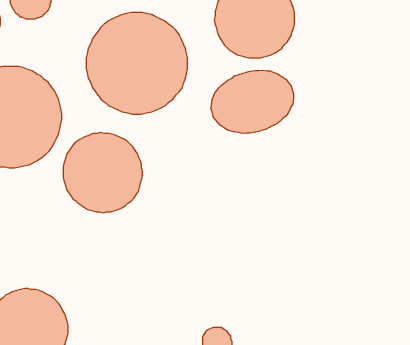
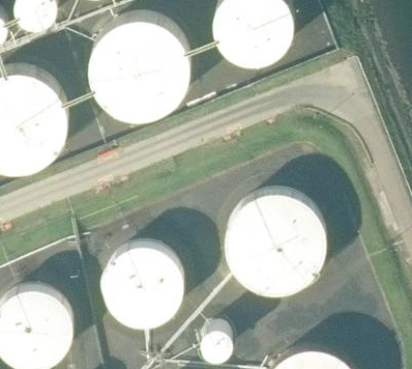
building: [211,70,294,133] -> none
building: [63,132,143,213] -> [104,248,181,327]
building: none -> [226,196,325,295]

